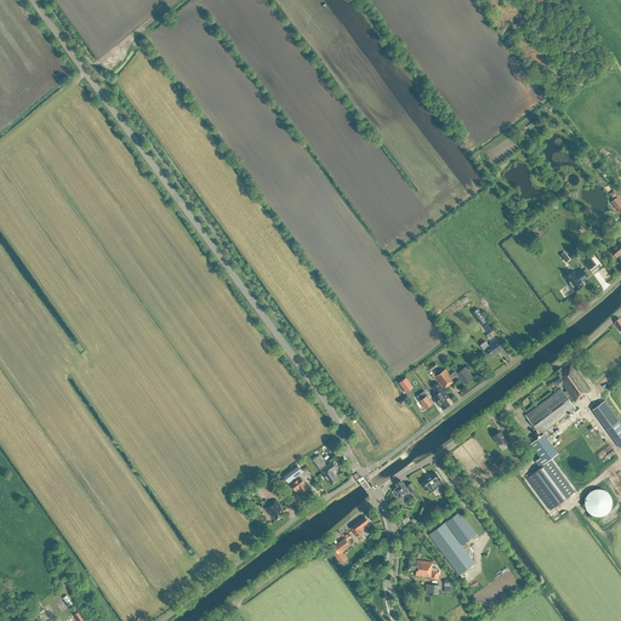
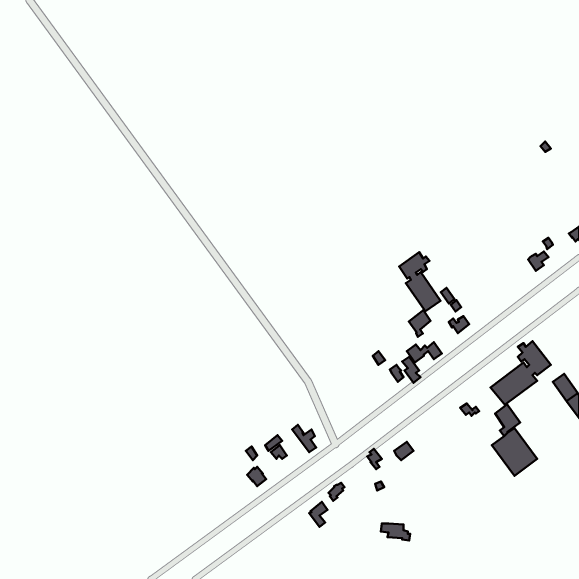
building: none -> [399,252,441,337]
building: [580,486,611,517] -> none
building: [428,512,475,574] -> none

